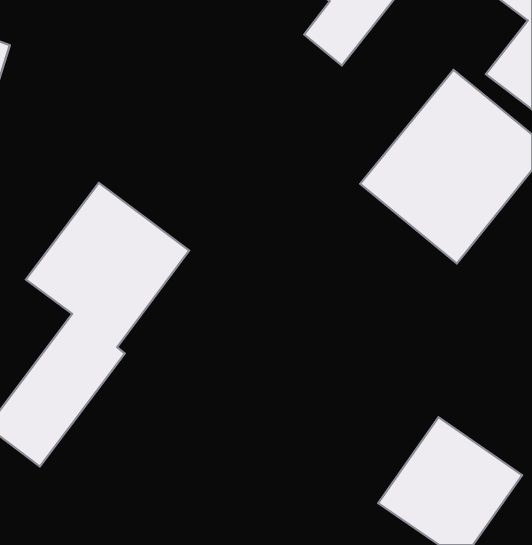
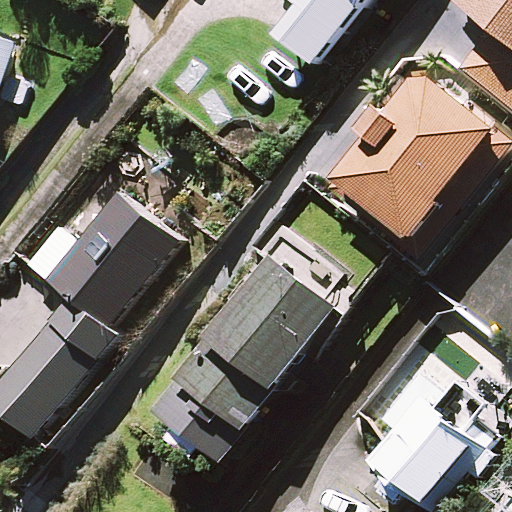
building: none -> [154,218,341,463]

